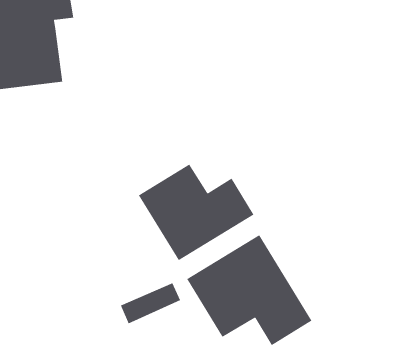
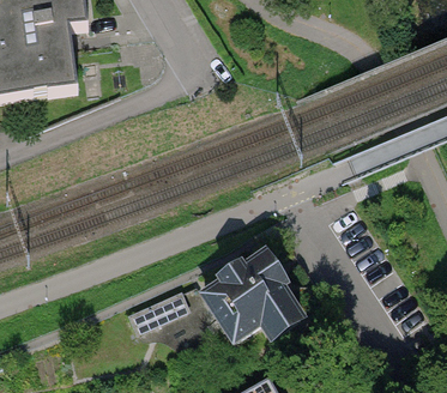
building: [138,164,254,261] -> none

